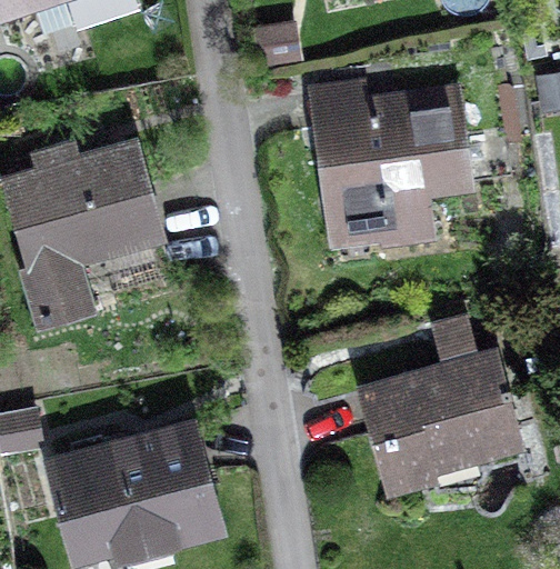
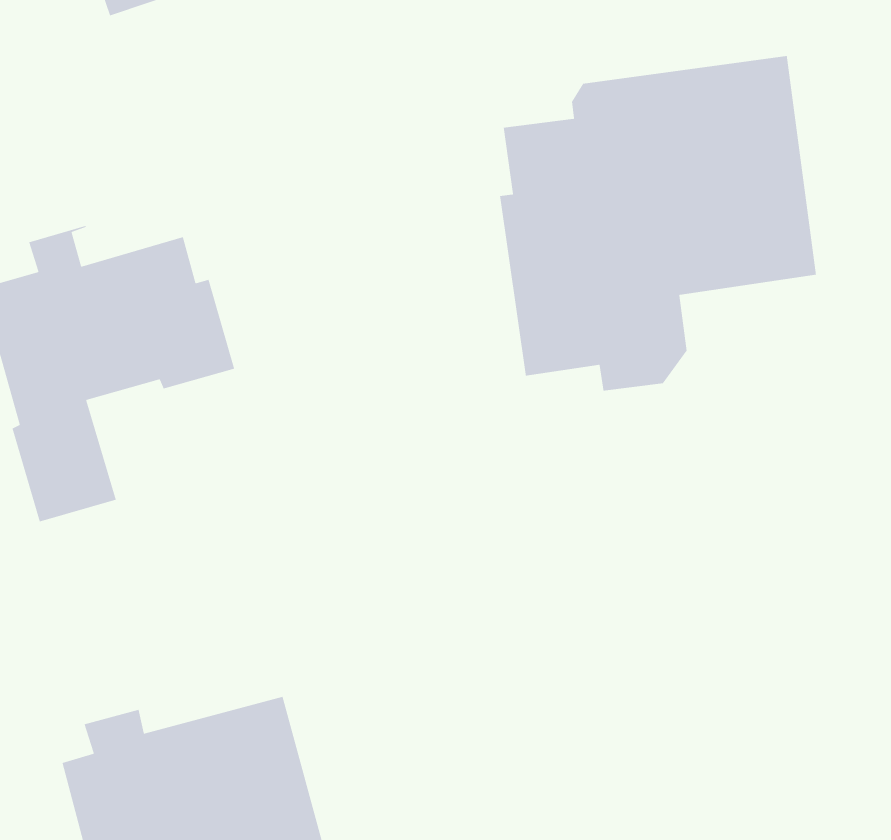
building: [359,355,519,496] -> none

